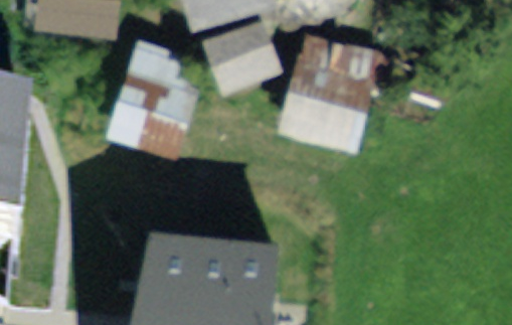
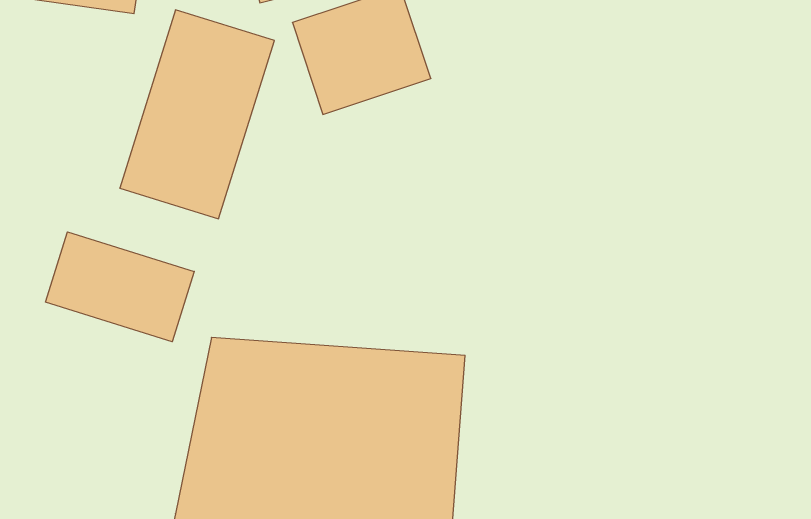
building: [277,59,373,153] -> none
building: none -> [46,232,194,342]

